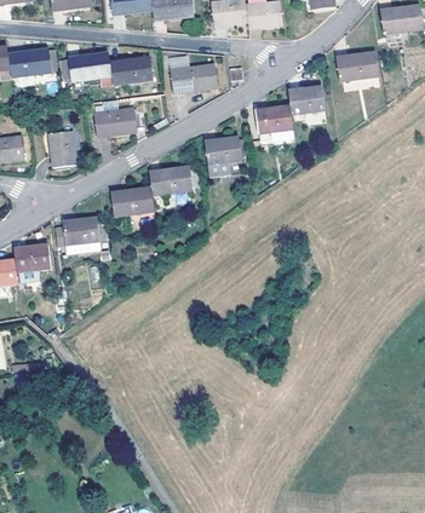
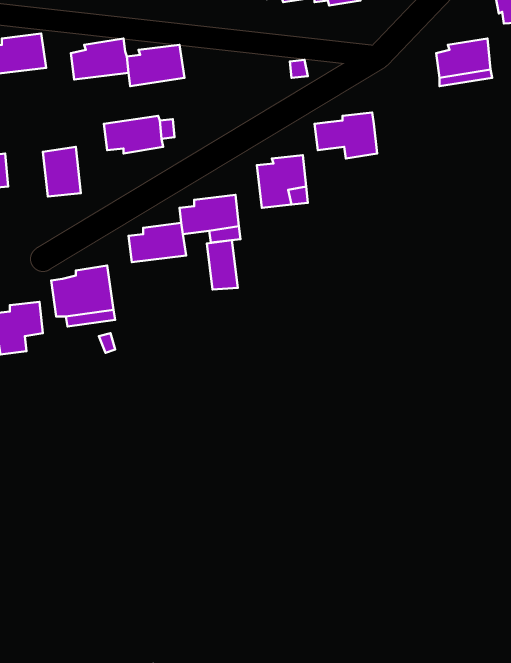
building: [170,63,217,91] -> none
building: [289,86,326,114] -> none
building: none -> [207,240,238,290]

